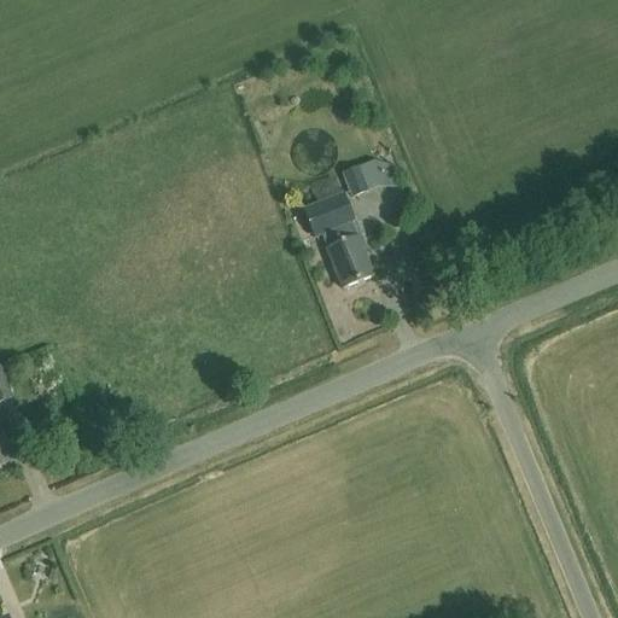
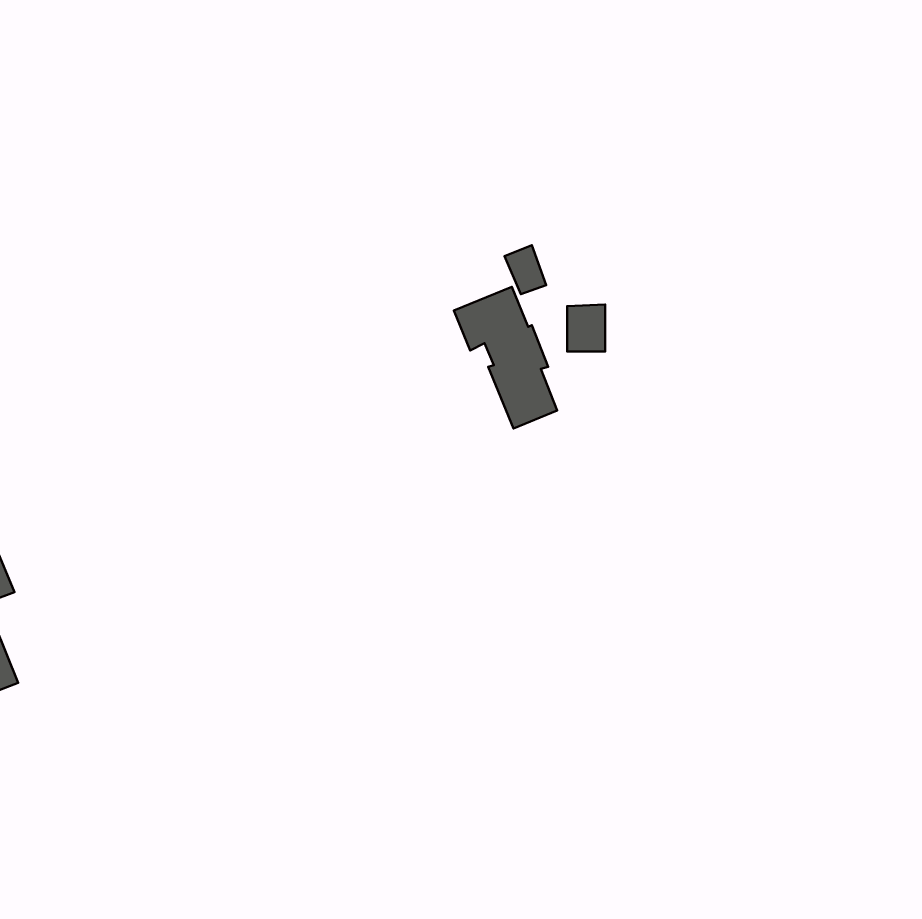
building: [366,159,391,191] -> [567,304,605,352]

